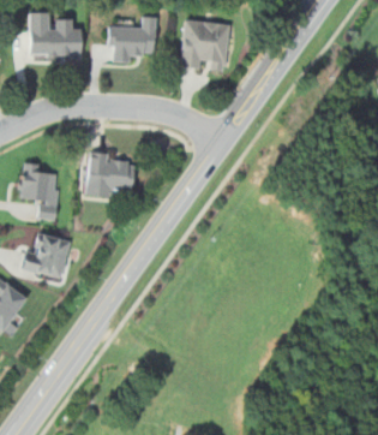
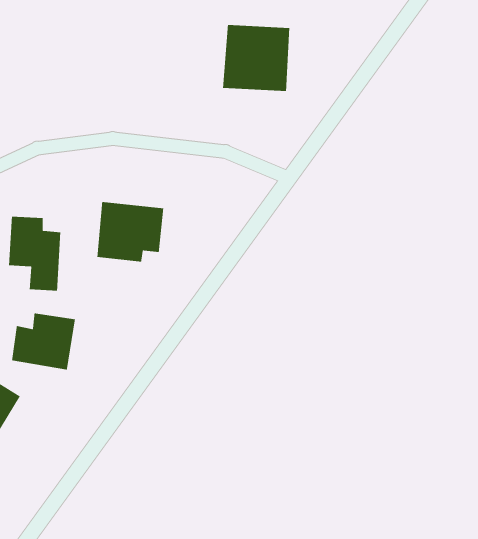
building: [28,11,80,58] -> none
building: [107,16,156,60] -> none

